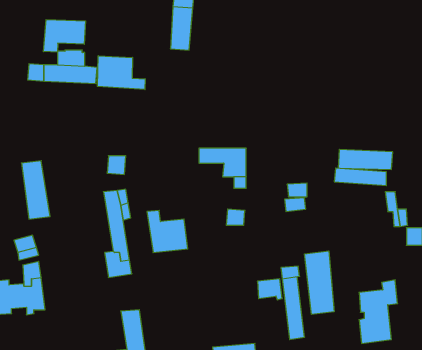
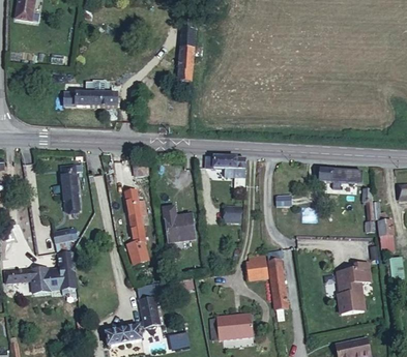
building: [43,20,85,52] -> none
building: [97,56,145,90] -> none
building: [305,251,334,314] -> none

